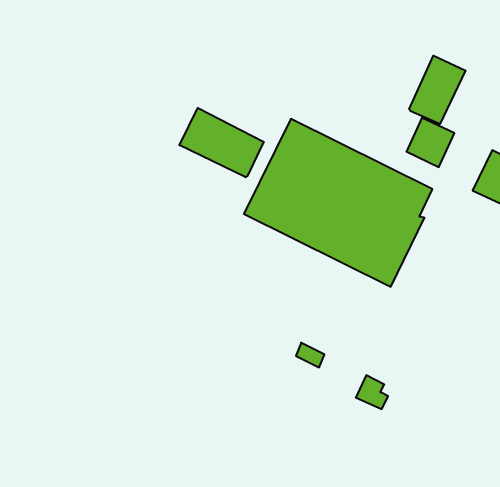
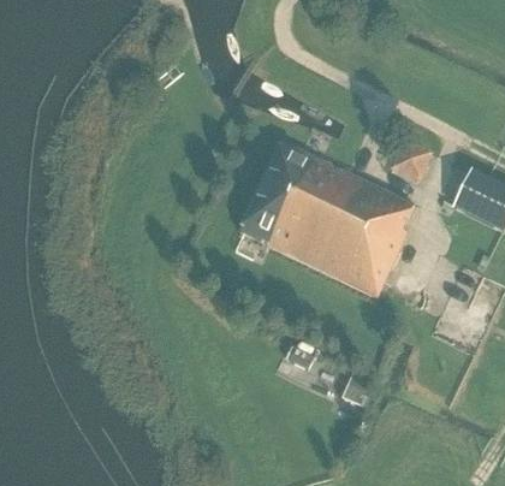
building: [409,56,465,124] -> none
building: [179,108,264,177] -> none

